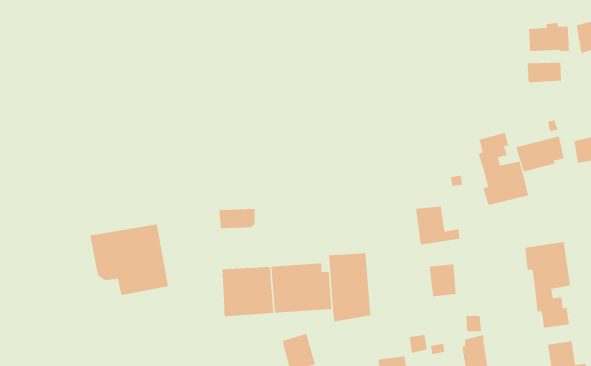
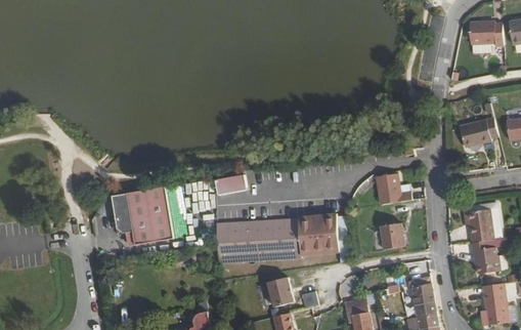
building: [527,62,562,83] -> none
building: [478,132,529,206] -> none

